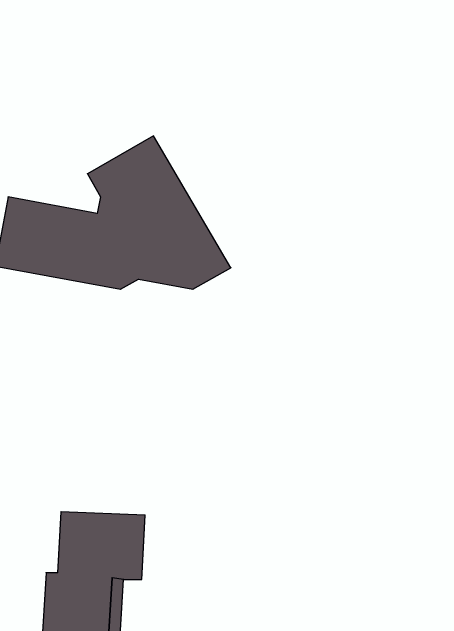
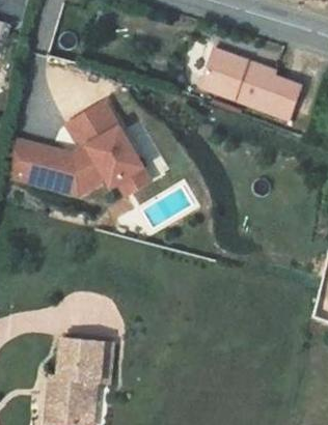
building: none -> [196,49,297,116]

